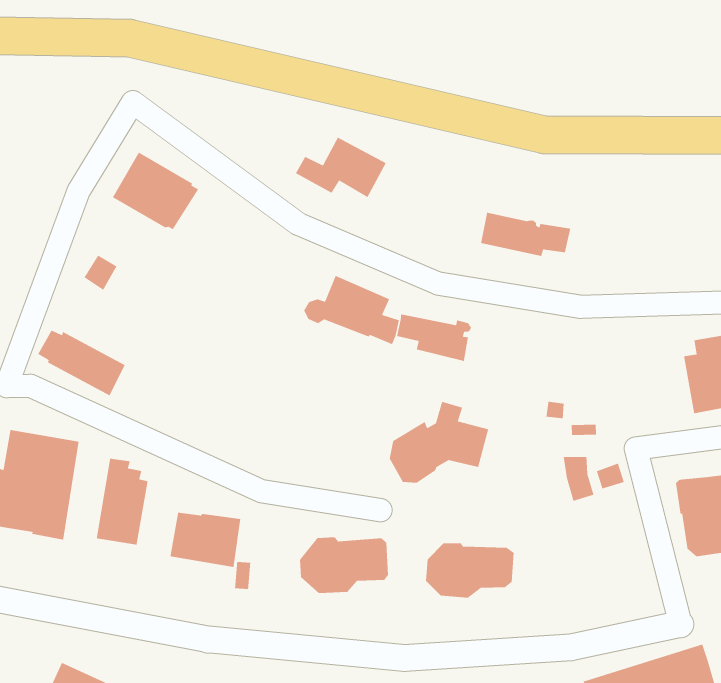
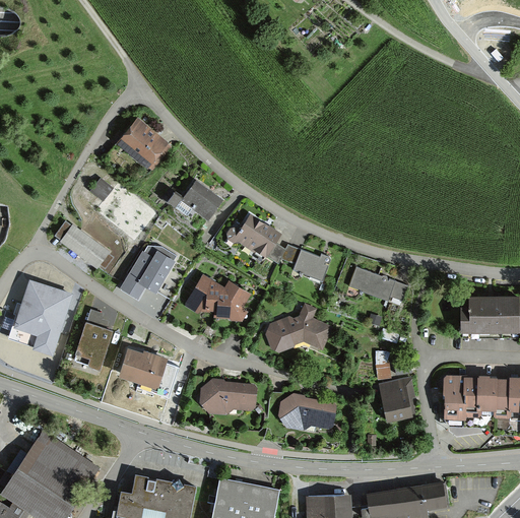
building: [295,136,387,198] -> [165,178,223,219]
building: [480,212,571,257] -> [350,267,409,301]
building: none -> [121,246,177,300]
building: none -> [186,273,252,322]
building: none -> [380,378,415,423]

